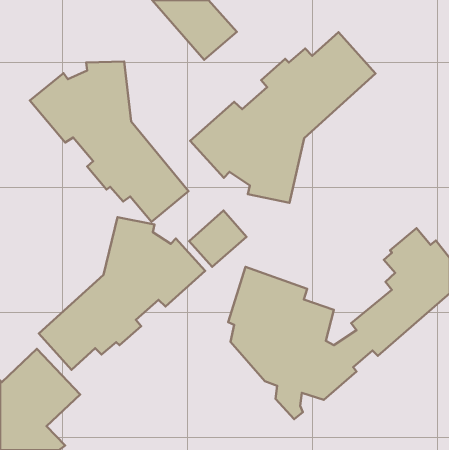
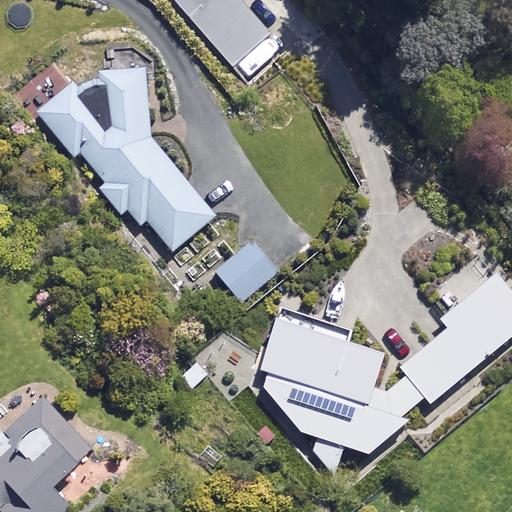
building: [190,32,376,203] -> none
building: [39,217,205,370] -> none

